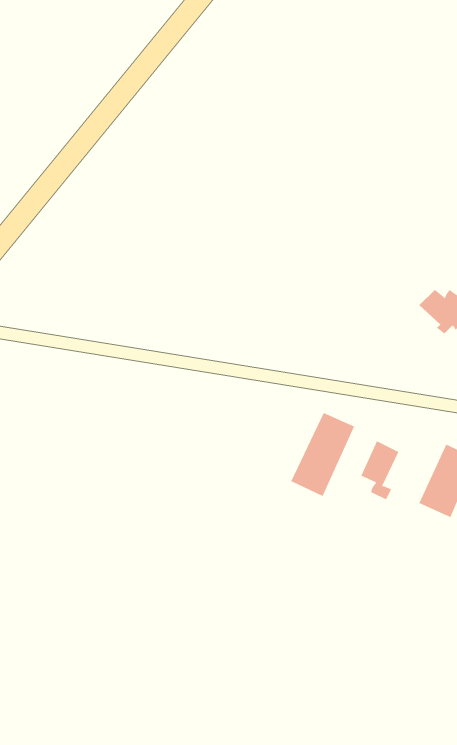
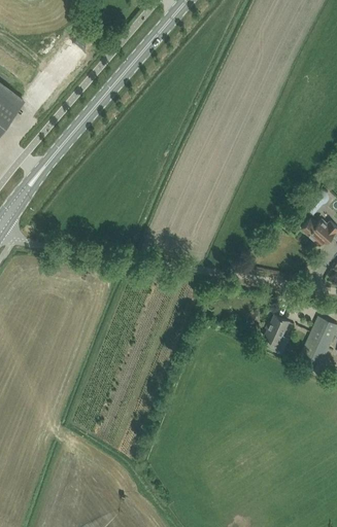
building: [290,412,355,497] -> none

